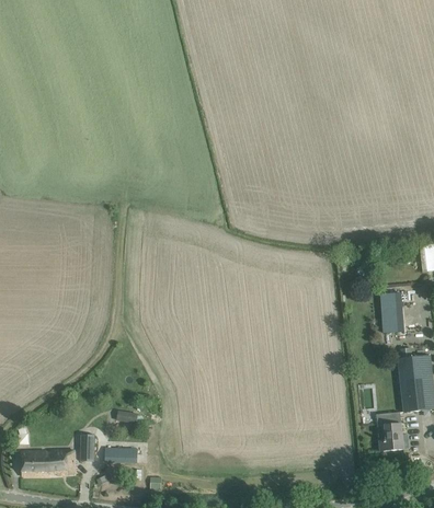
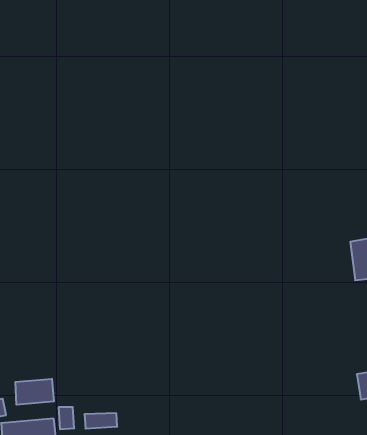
building: none -> [15,379,54,405]

